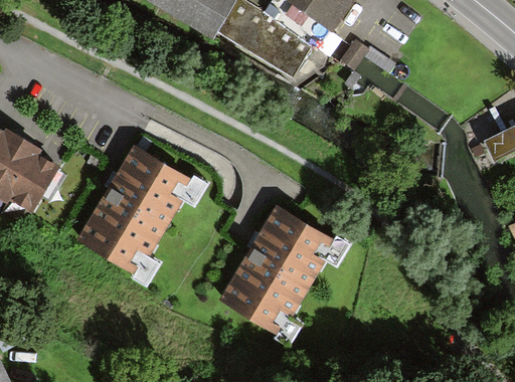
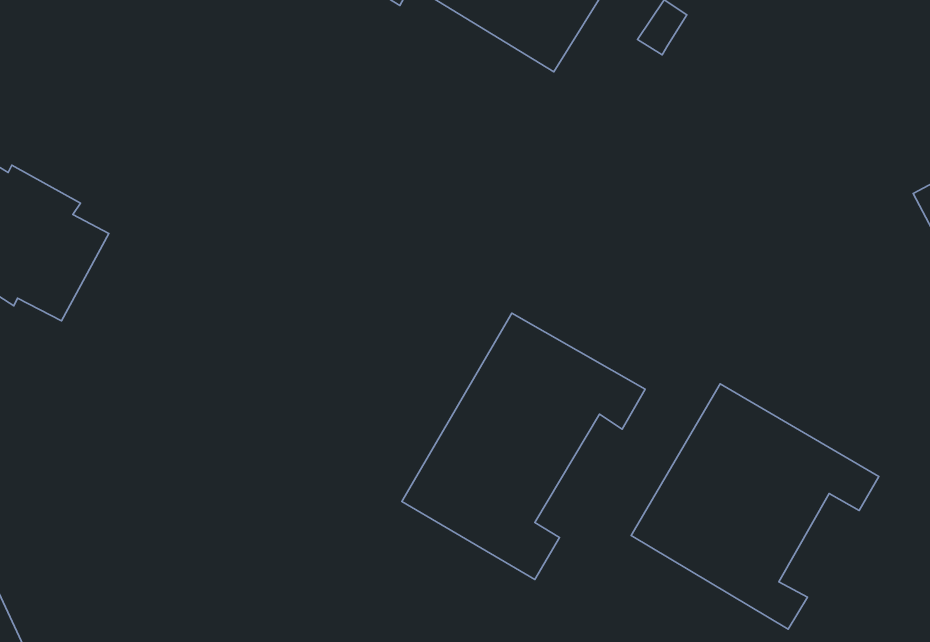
building: [79,142,207,282] -> none
building: none -> [631,384,879,629]

